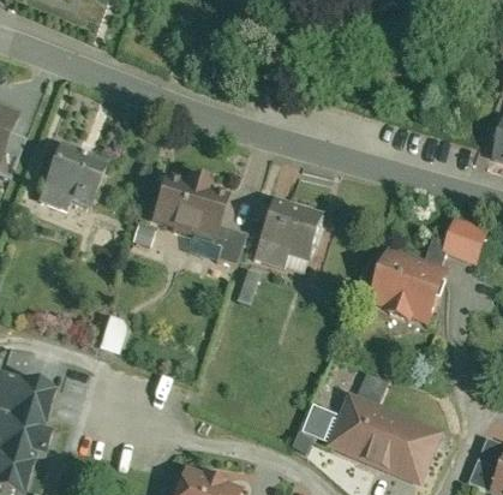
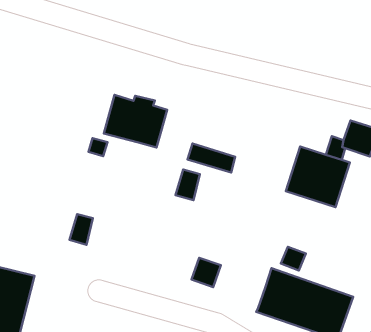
building: [40,143,110,207] -> none
building: [259,197,325,255] -> none
building: [187,221,247,263] -> none
building: [303,406,340,443] -> [191,258,221,287]

